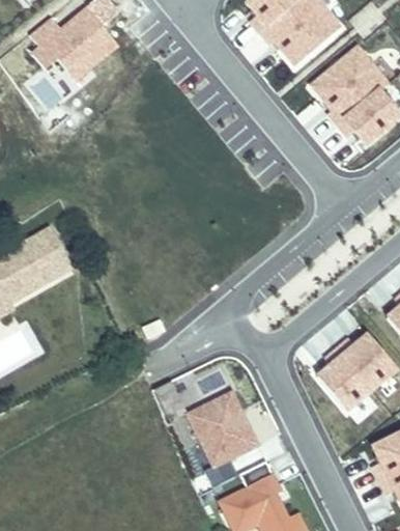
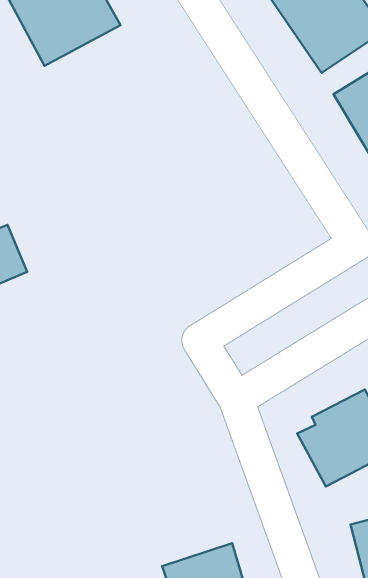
building: [184,387,261,469] -> none

